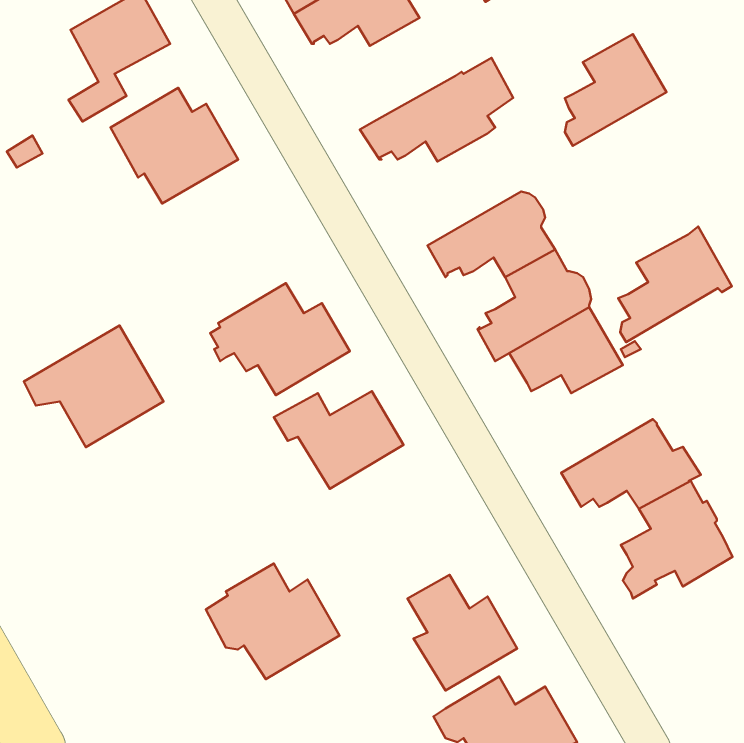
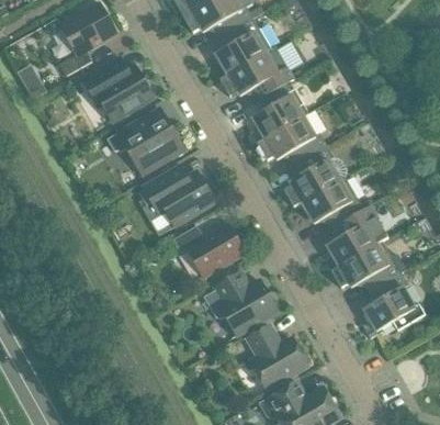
building: none -> [215,18,272,75]
building: [565,34,667,146] -> [252,81,308,143]
building: [618,226,732,342] -> [326,204,388,268]
building: [24,326,163,447] -> [106,107,183,174]
building: [206,564,339,679] -> [203,270,277,334]

